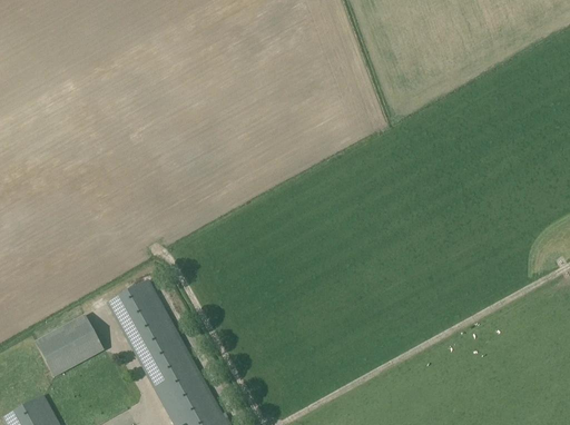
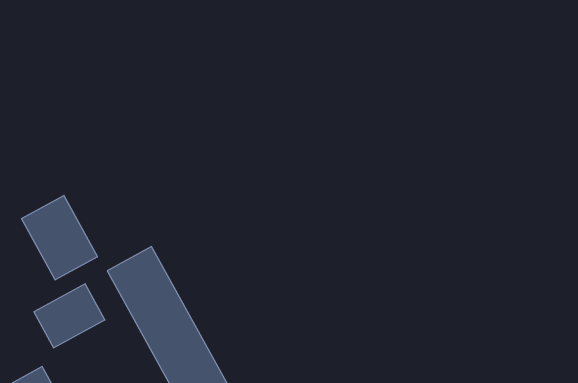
building: none -> [22,195,97,280]

